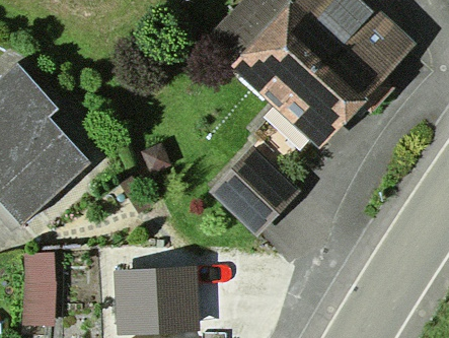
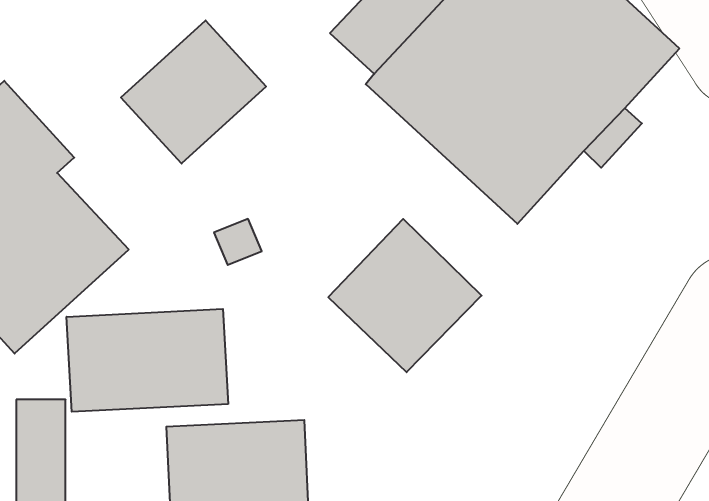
building: none -> [121,20,266,164]
building: none -> [67,309,228,412]

